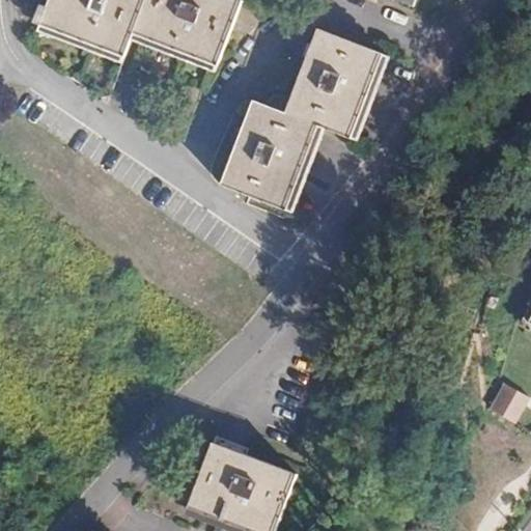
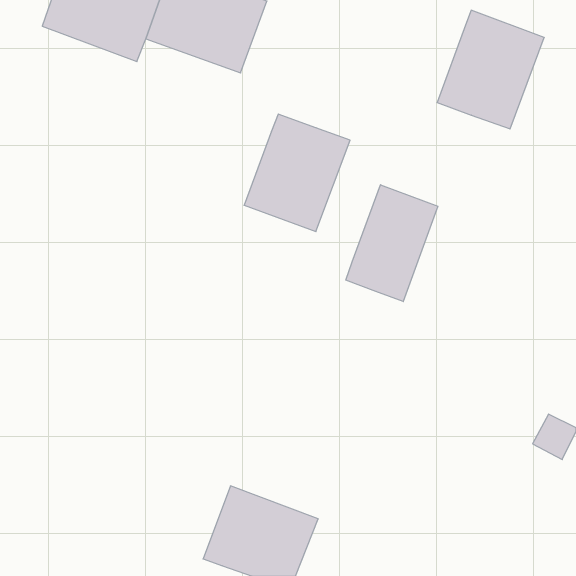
building: [287,32,385,140] -> [437,10,544,129]
building: none -> [346,185,438,302]

